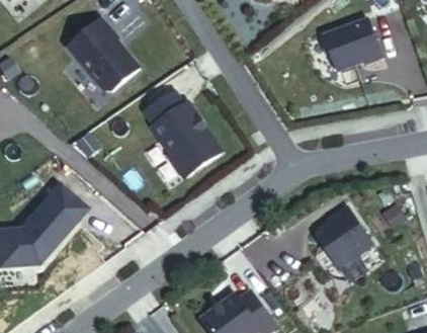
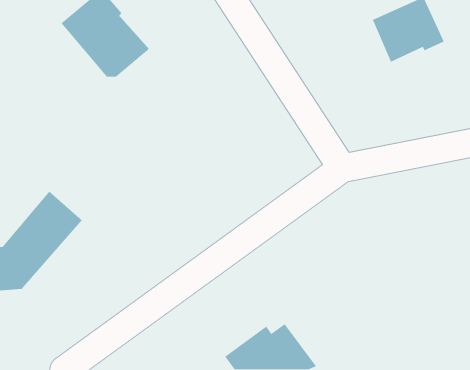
building: [145,90,223,176] -> none
building: [311,204,370,266] -> none

